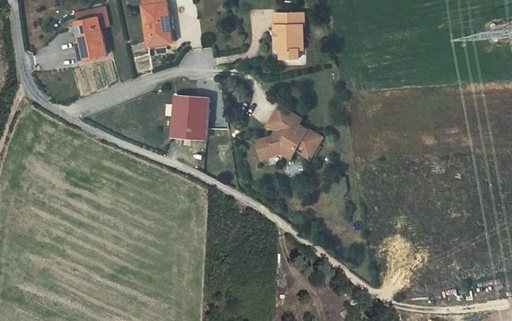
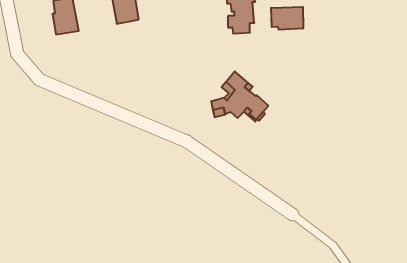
building: none -> [271,7,303,30]
building: [172,100,207,142] -> none

